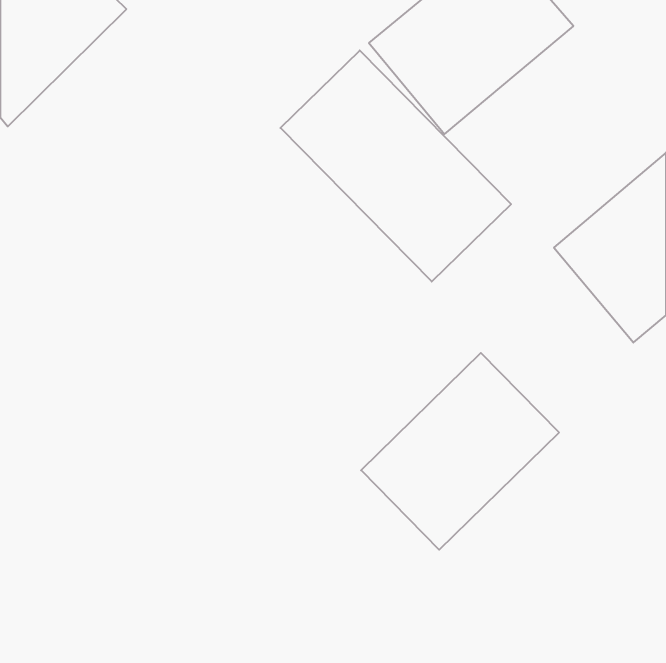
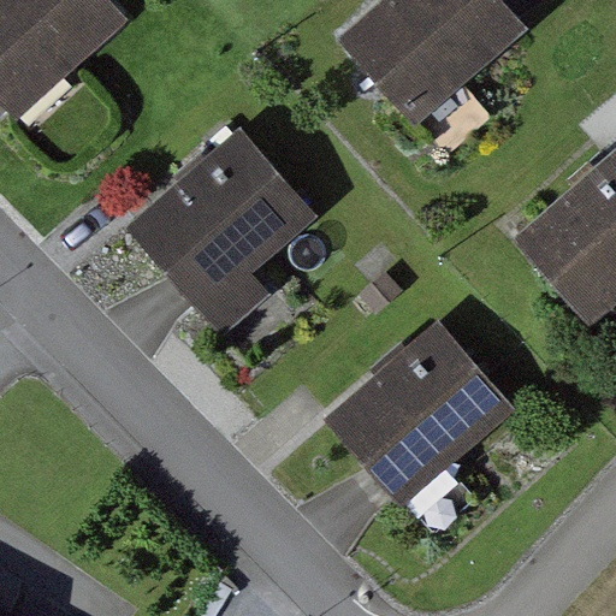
building: [280,50,511,282] -> none
building: none -> [129,136,313,338]

